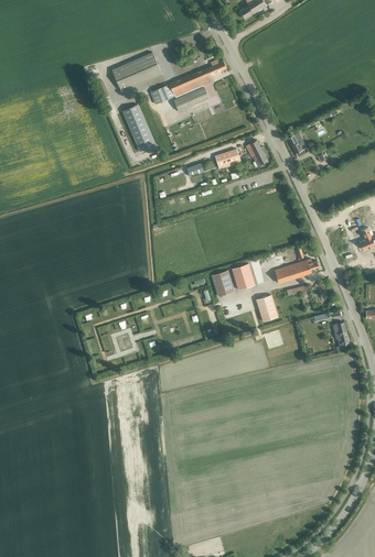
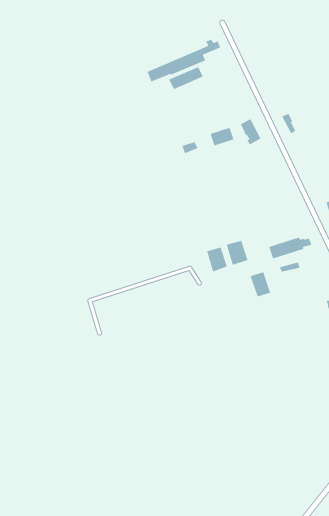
building: [110,52,161,91] -> none
building: [121,105,154,151] -> none

